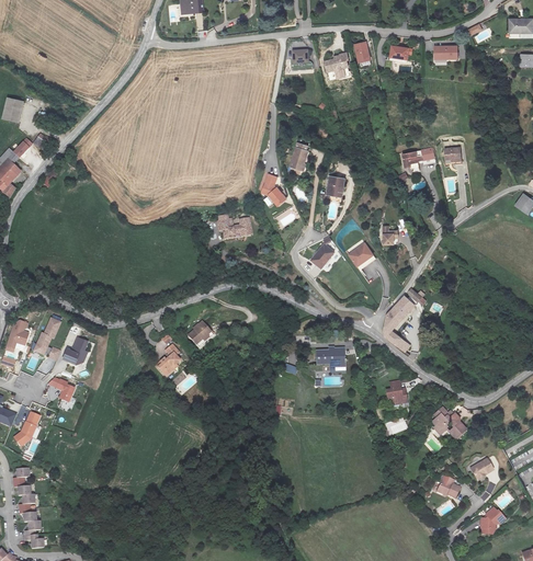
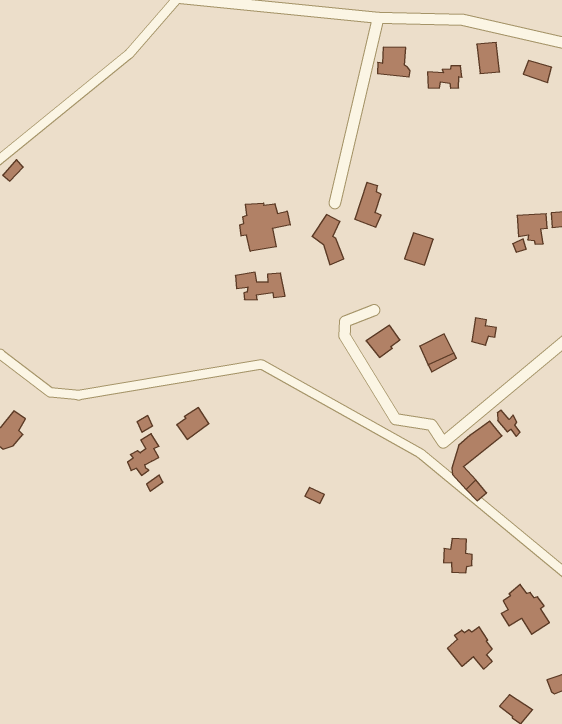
building: none -> [240,203,290,251]
building: [316,343,345,363] -> none
building: none -> [448,627,492,669]

